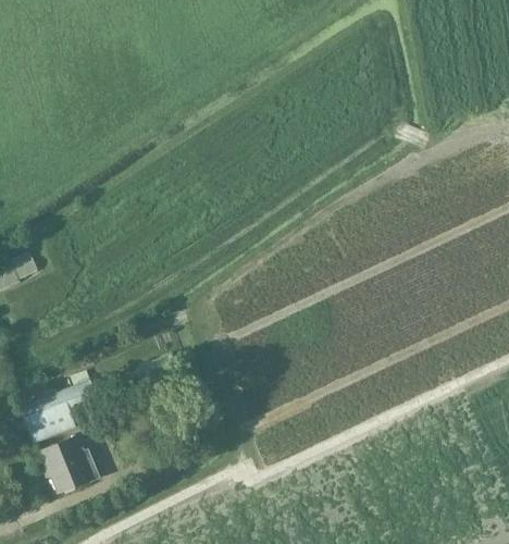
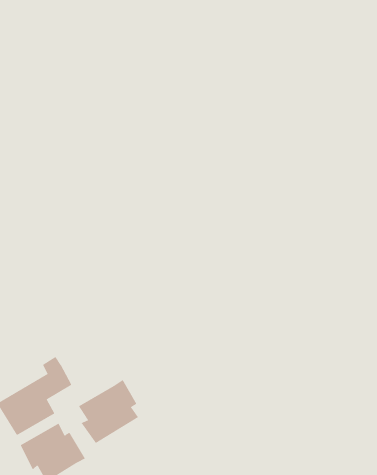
building: none -> [78,379,139,444]

